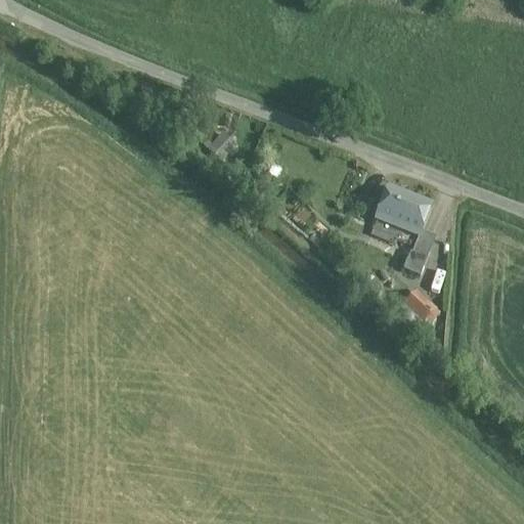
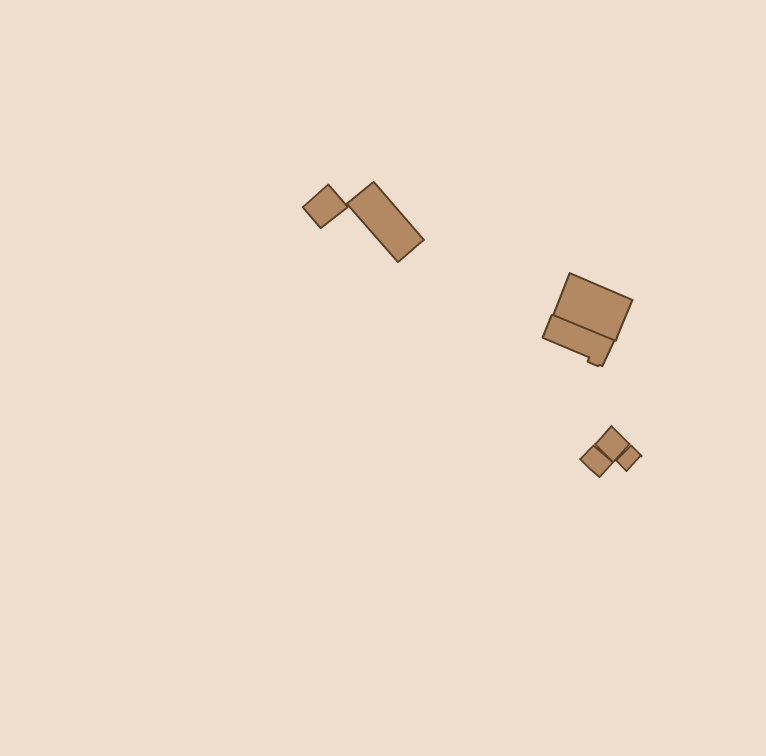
building: none -> [347,182,424,262]
building: [403,229,434,272] -> none

